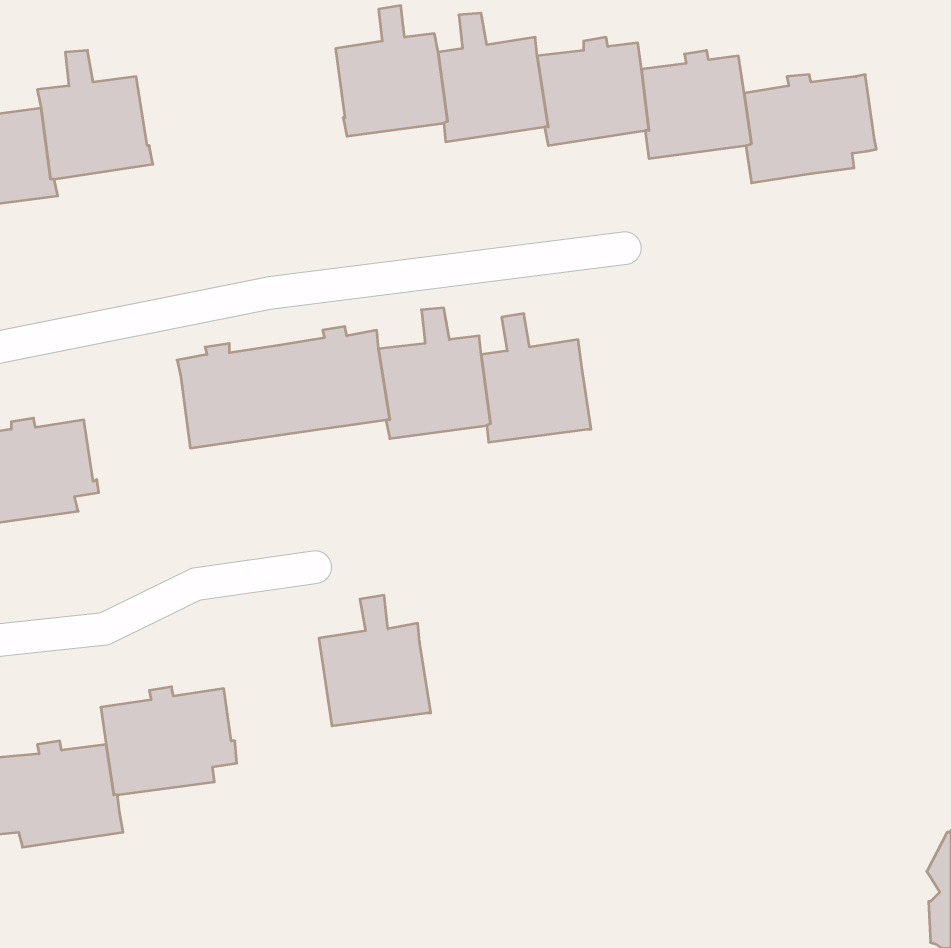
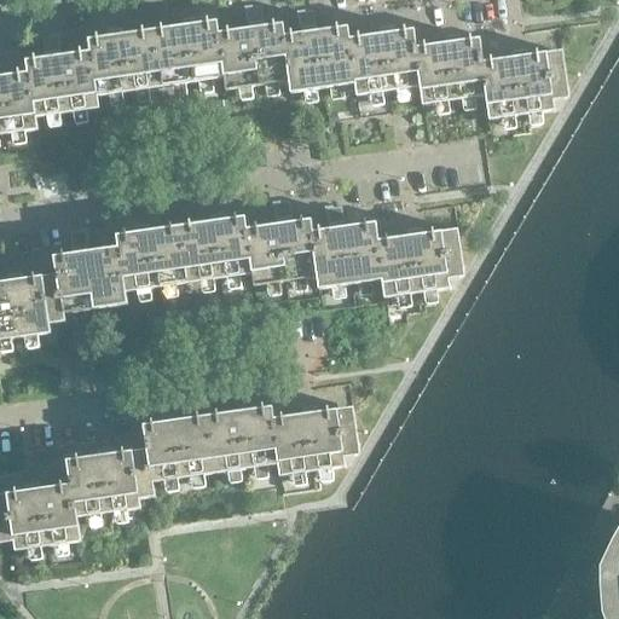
building: none -> [87,16,224,94]
building: none -> [377,226,463,296]
building: none -> [52,227,127,312]
building: none -> [143,397,215,480]
building: none -> [272,404,359,474]

